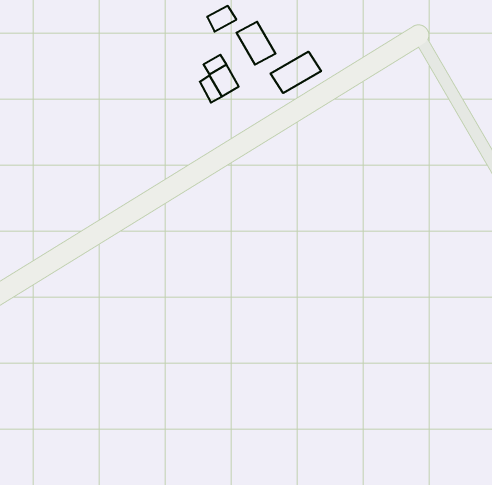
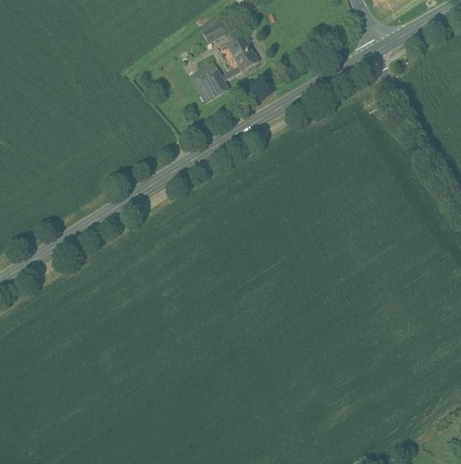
building: [271,52,321,93] -> none

